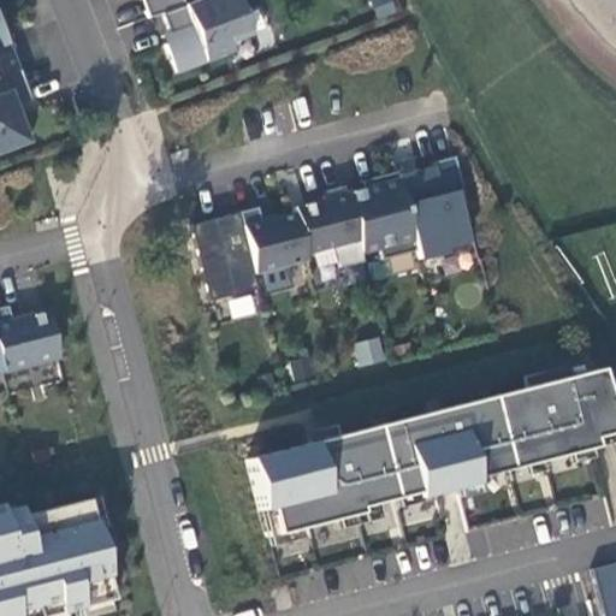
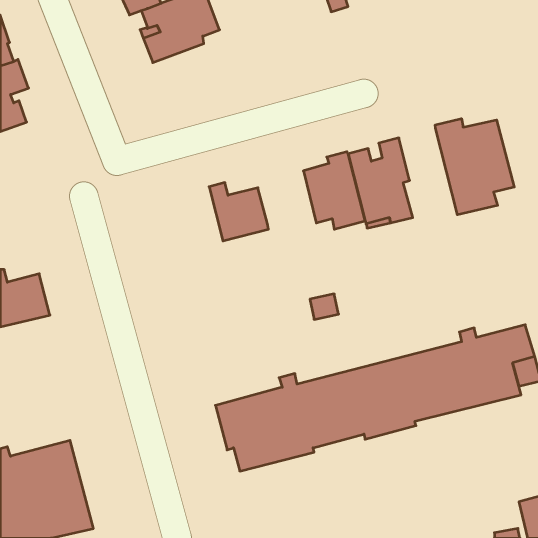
building: none -> [435,119,514,215]
building: [296,186,366,267] -> none
building: [192,212,261,302] -> none

